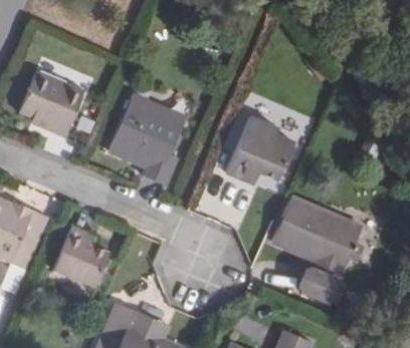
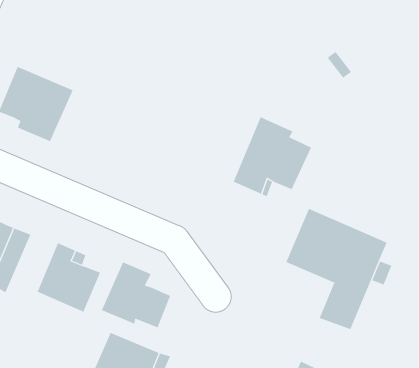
building: [107,94,186,186] -> none
building: none -> [101,262,171,328]

